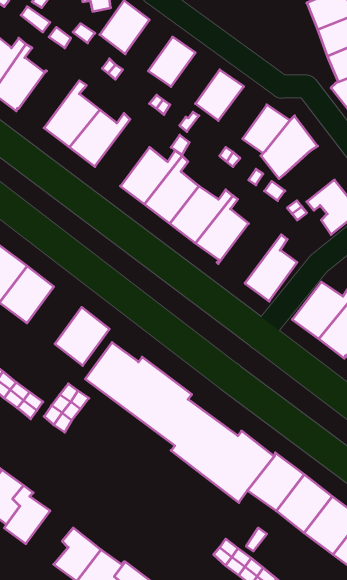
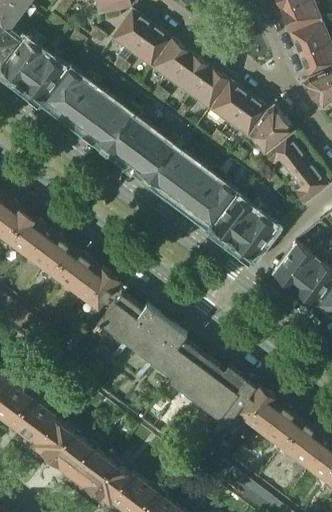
building: none -> [133,27,172,69]
building: none -> [171,54,211,96]
building: none -> [45,69,95,116]
building: none -> [210,82,250,125]
building: none -> [108,109,153,164]
building: none -> [265,135,306,177]
building: none -> [210,195,262,244]
building: none -> [52,247,97,294]
building: none -> [51,432,90,476]

